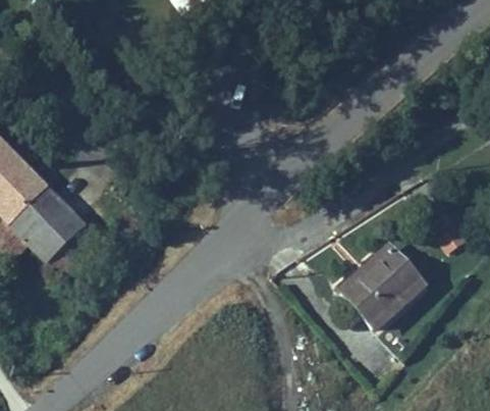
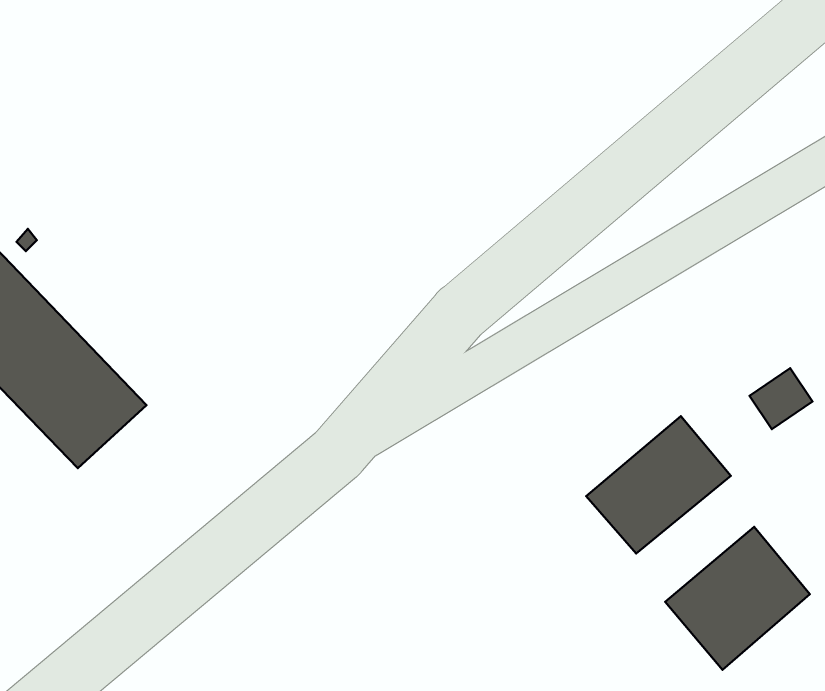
building: none -> [665,527,810,670]

